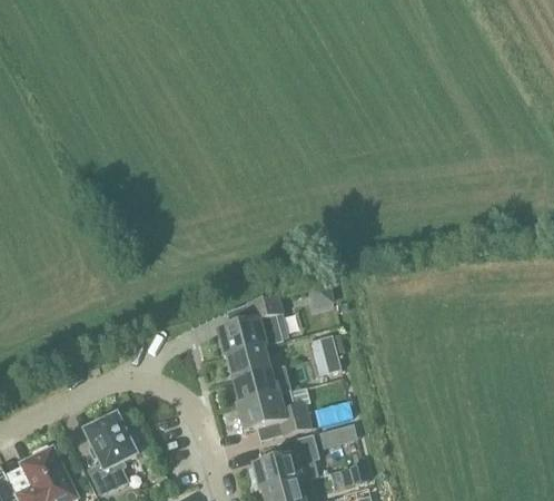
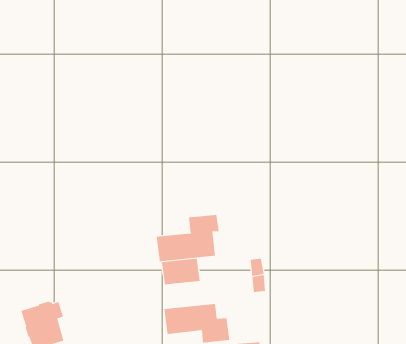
building: [233,370,290,405] -> none

